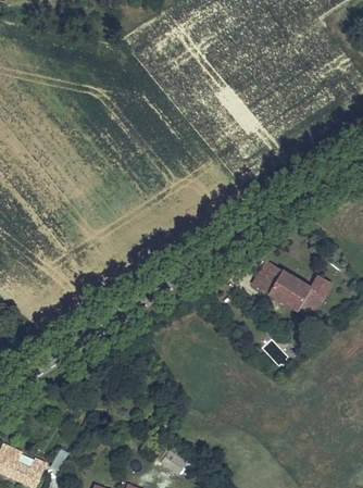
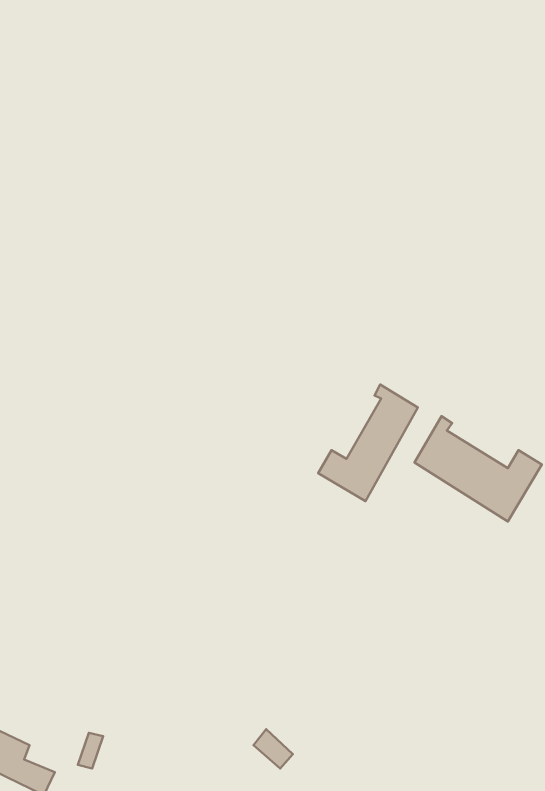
building: none -> [318,384,418,501]

